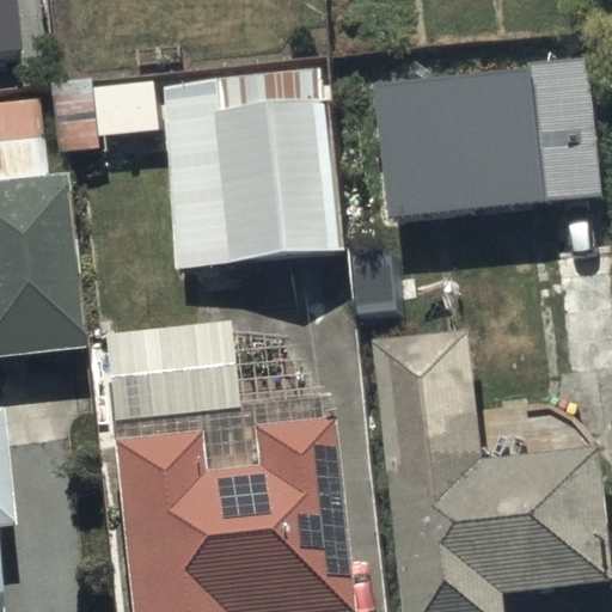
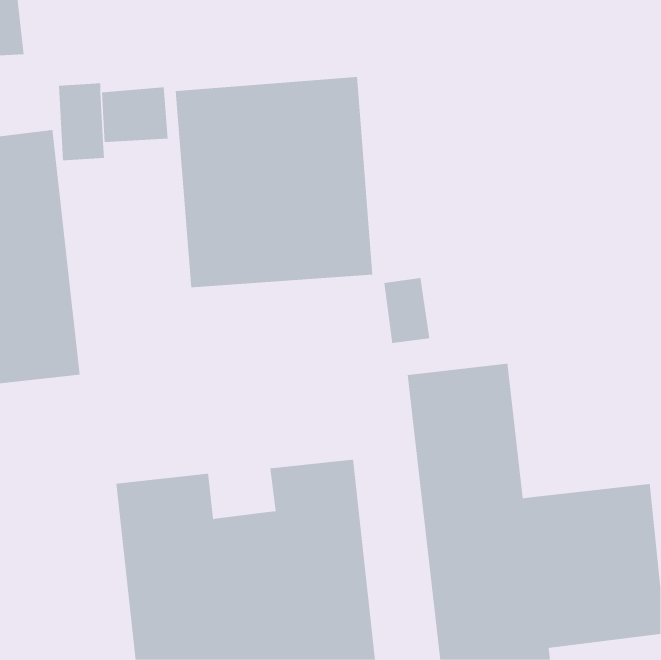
building: [374,60,604,220] -> none
building: [100,325,232,426] -> none

